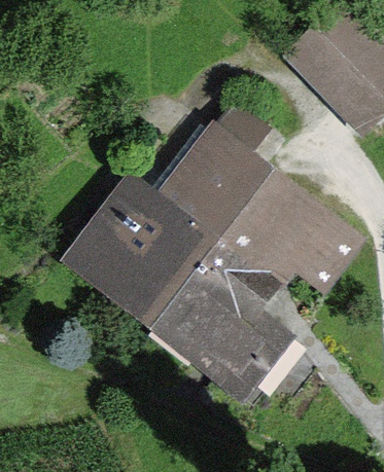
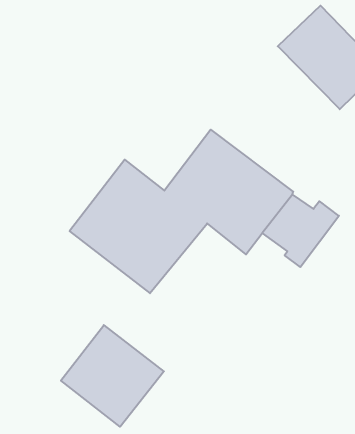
building: [160,245,284,384] -> none
building: none -> [61,325,164,427]

